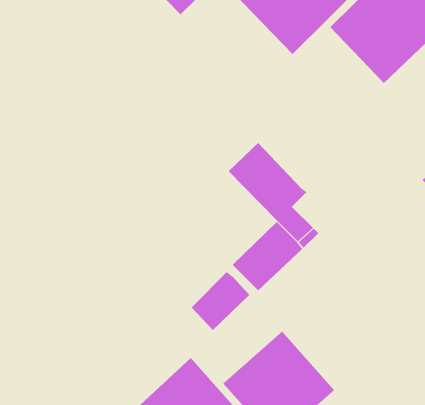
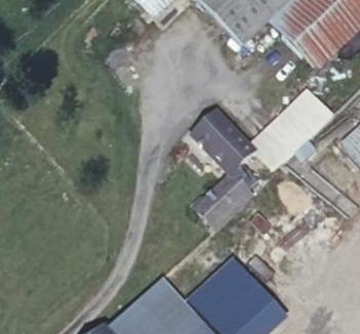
building: none -> [249,89,332,171]
building: [191,271,250,331] -> none

